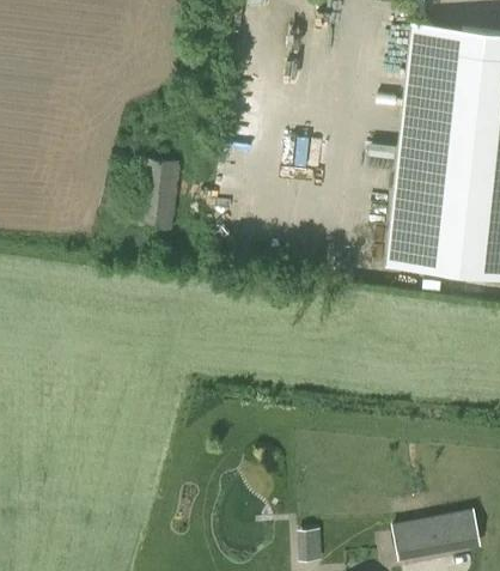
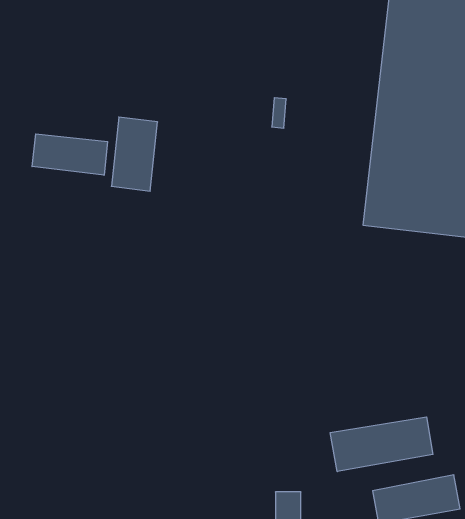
building: none -> [32,134,108,175]
building: none -> [330,417,433,472]

